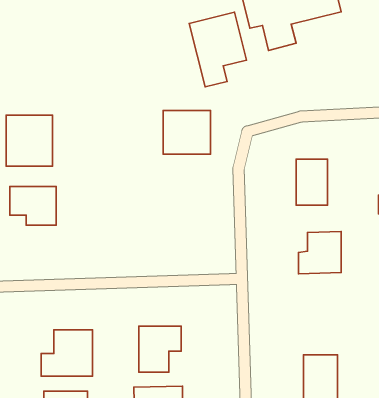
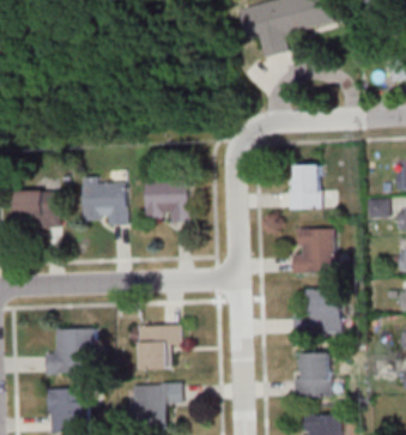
building: [189,12,247,87] -> none
building: [163,111,211,154] -> [144,180,189,222]
building: [6,115,53,166] -> [83,176,127,225]
building: none -> [292,289,339,333]

